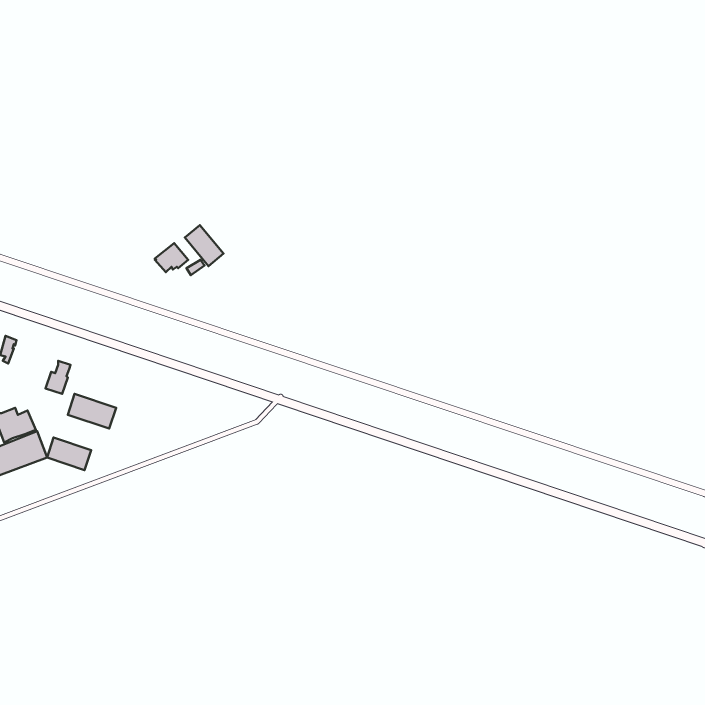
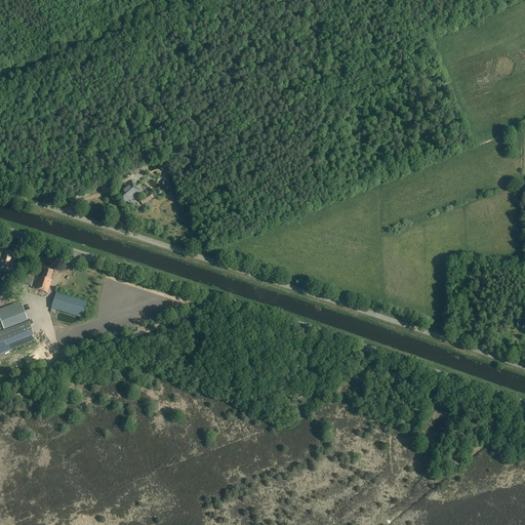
building: [185,225,223,266] -> none
building: [47,438,91,470] -> none

